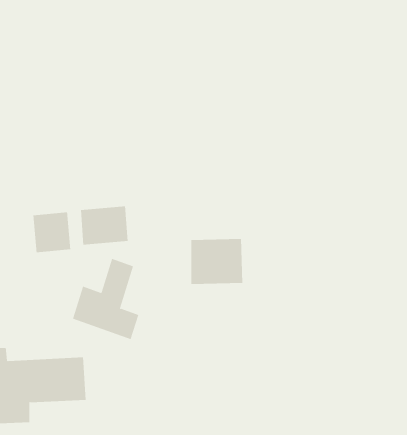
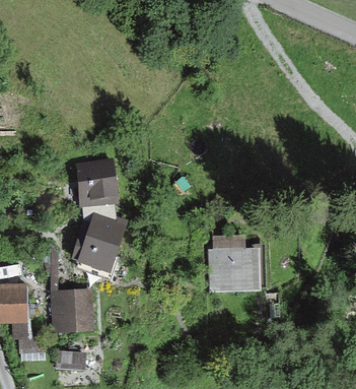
building: [33,211,71,253] -> none
building: [191,238,243,284] -> [207,247,247,282]

